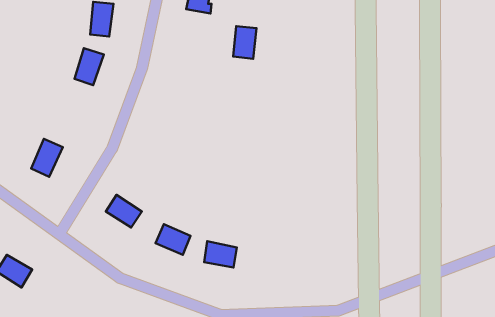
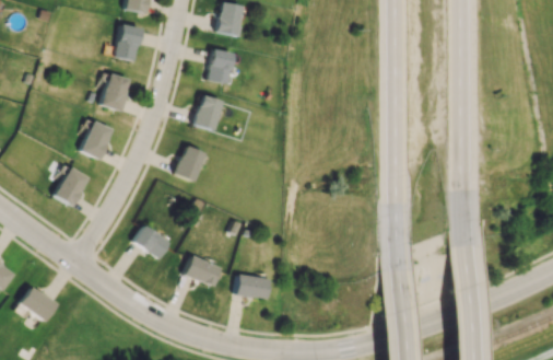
building: [233,26,256,59] -> [209,49,233,83]
building: none -> [195,94,223,130]
building: none -> [82,120,113,159]
building: none -> [176,146,204,181]

